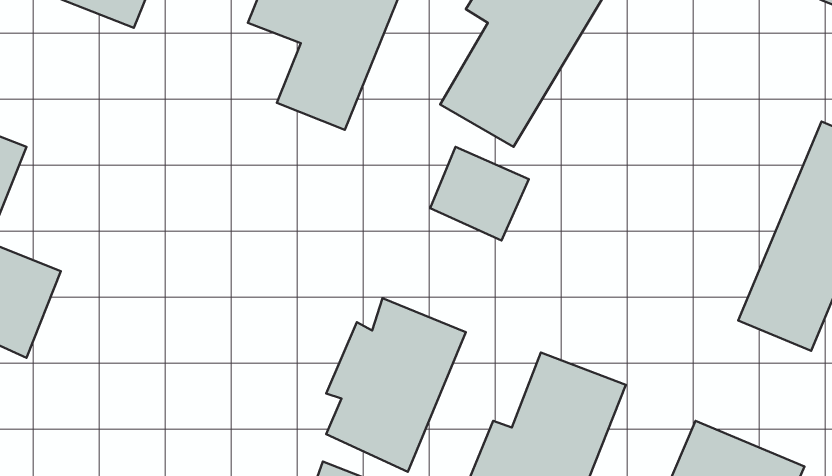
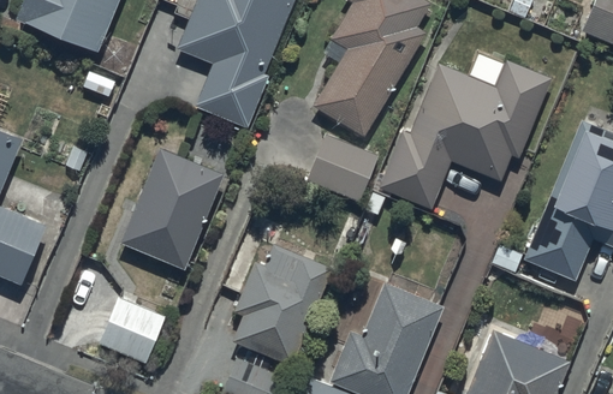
building: none -> [376,62,550,209]
building: none -> [120,147,224,271]
building: none -> [96,297,165,364]

